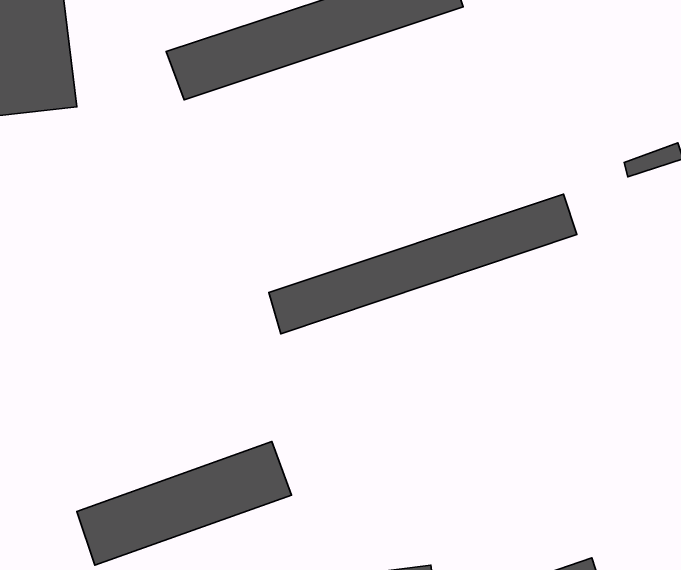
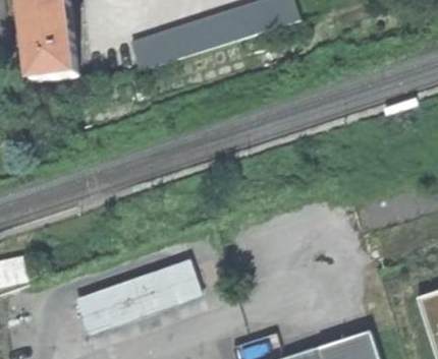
building: [269,194,577,334] -> none

